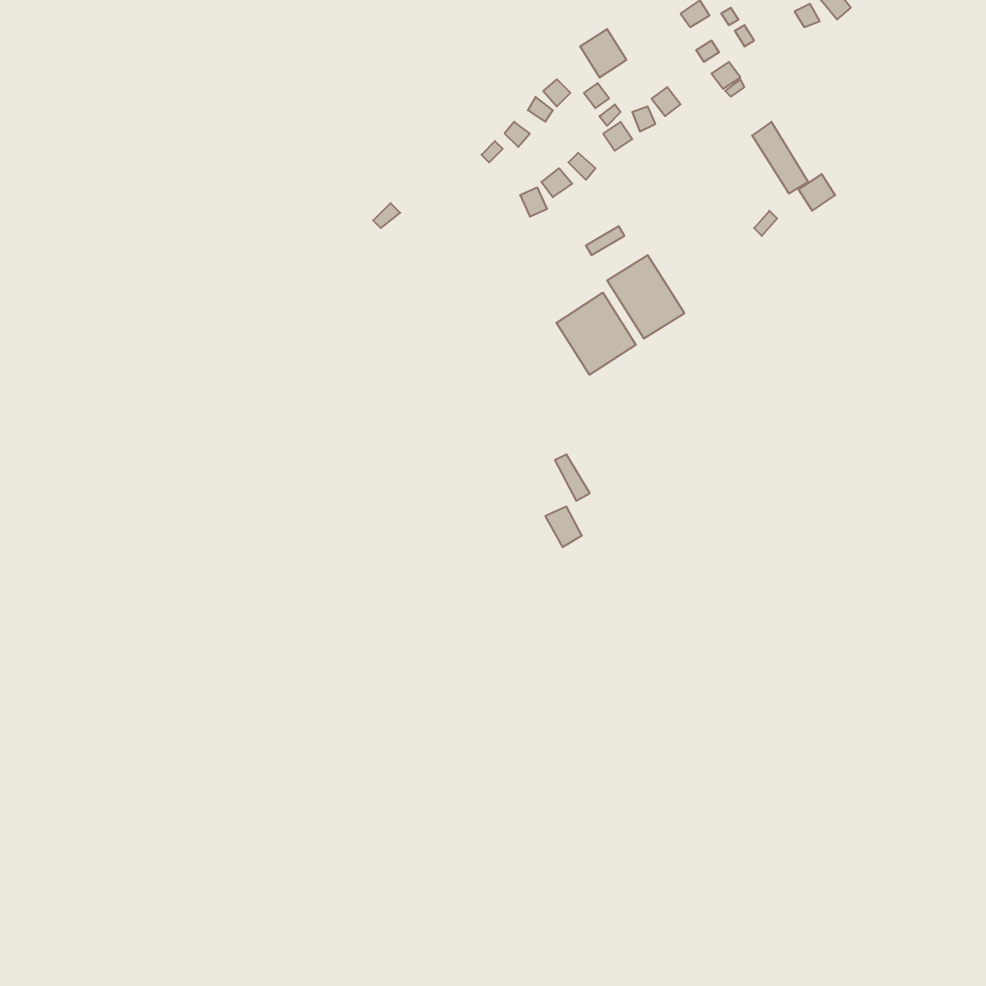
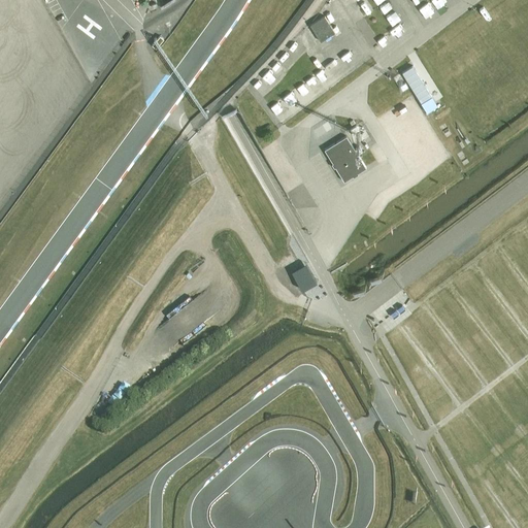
building: [556,293,636,375] -> none

